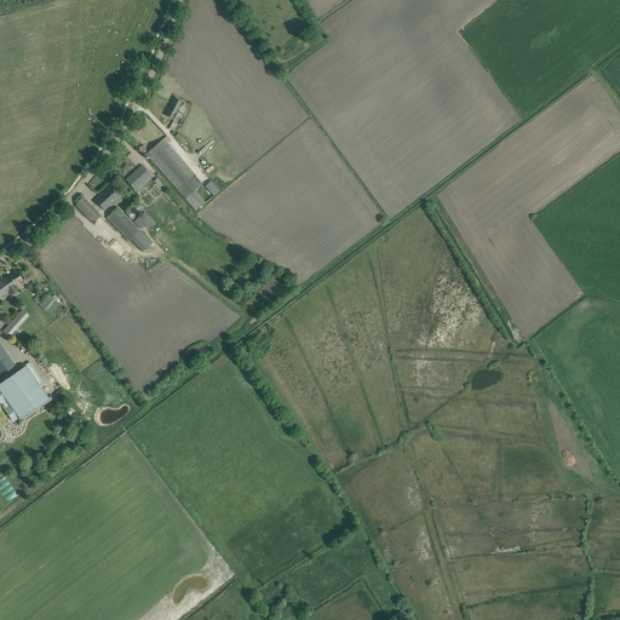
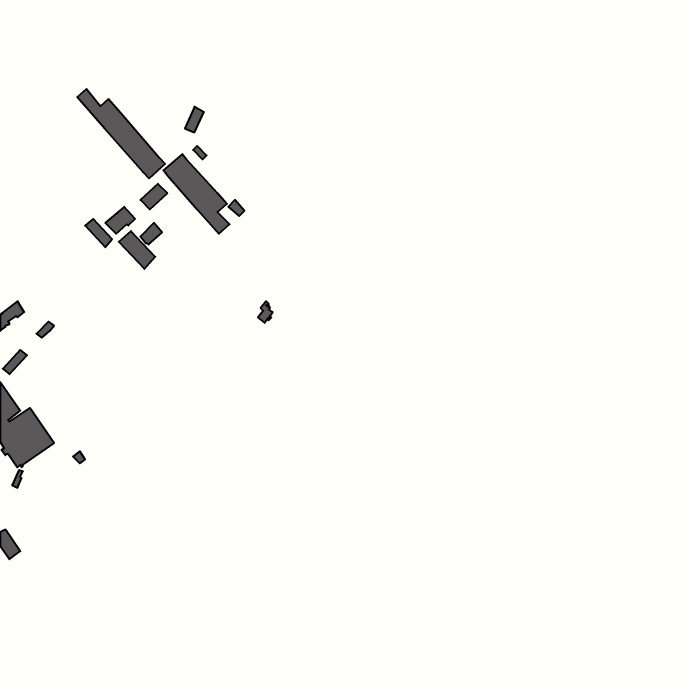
building: none -> [77,89,165,178]

